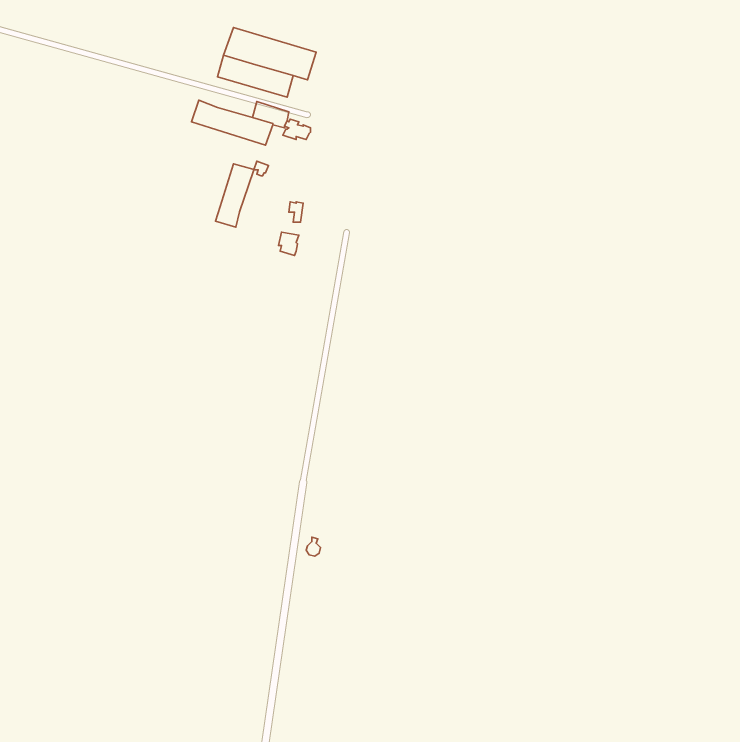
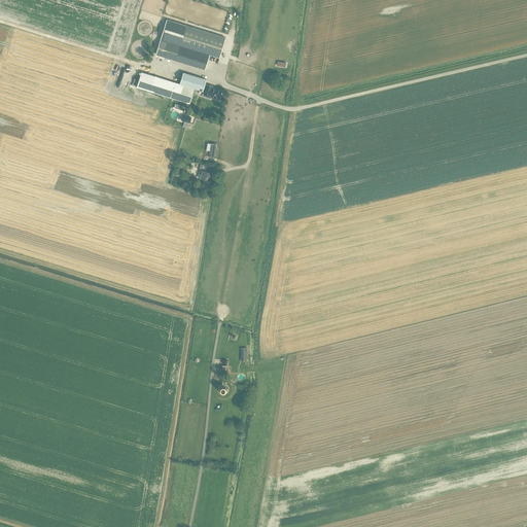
building: [216,164,254,227] -> none

